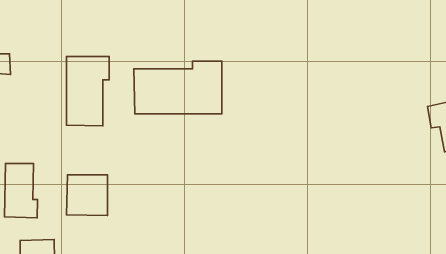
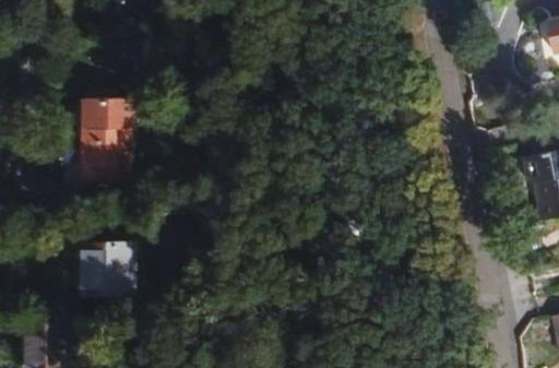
building: [134,61,222,114] -> none
building: [4,163,38,218] -> none

